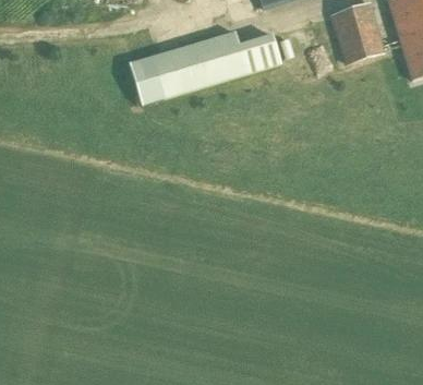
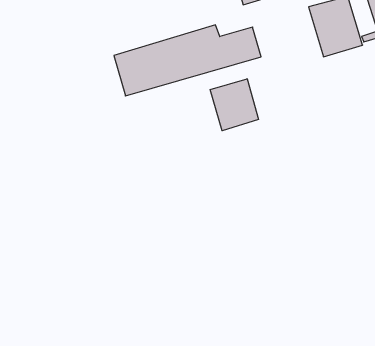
building: none -> [210,79,258,131]

